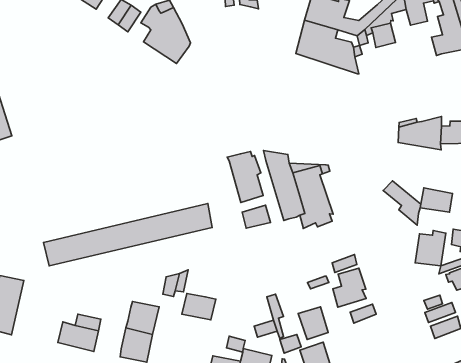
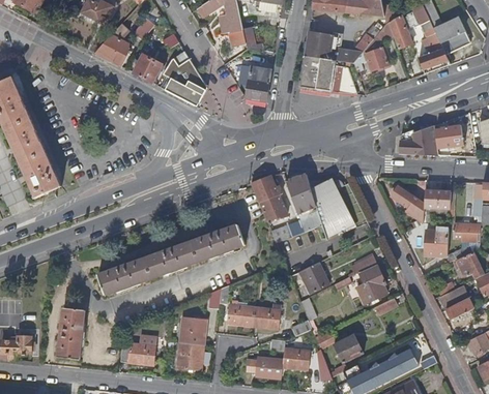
building: none -> [246,69,271,100]
building: none -> [253,307,279,329]
building: [298,307,328,340] -> [299,262,327,292]

